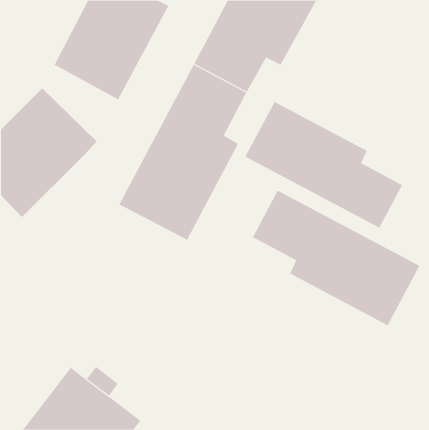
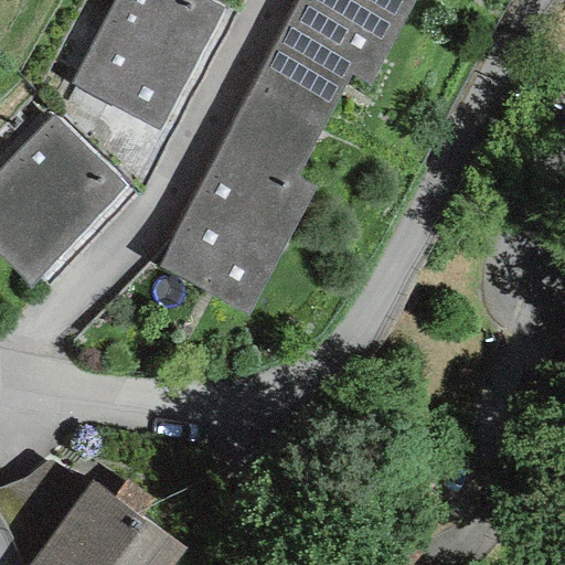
building: [244,101,403,229] -> none
building: [252,190,420,326] -> none

